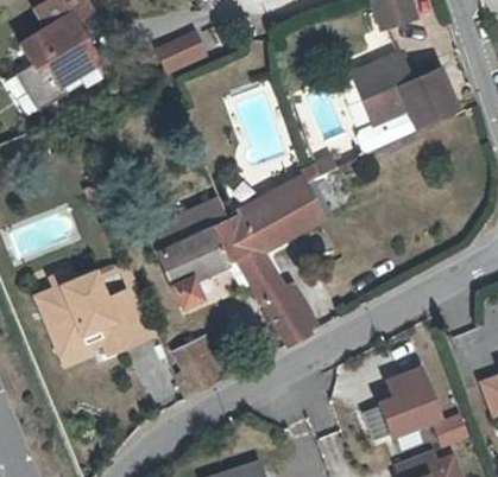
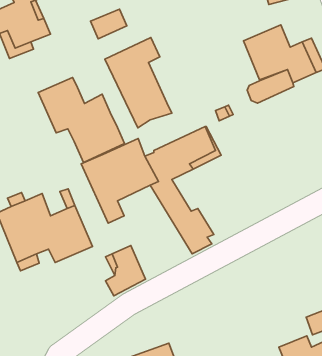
building: none -> [105,37,172,128]
building: none -> [38,77,125,163]
building: [373,367,439,440] -> none

